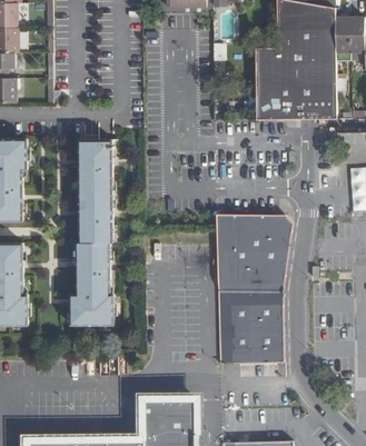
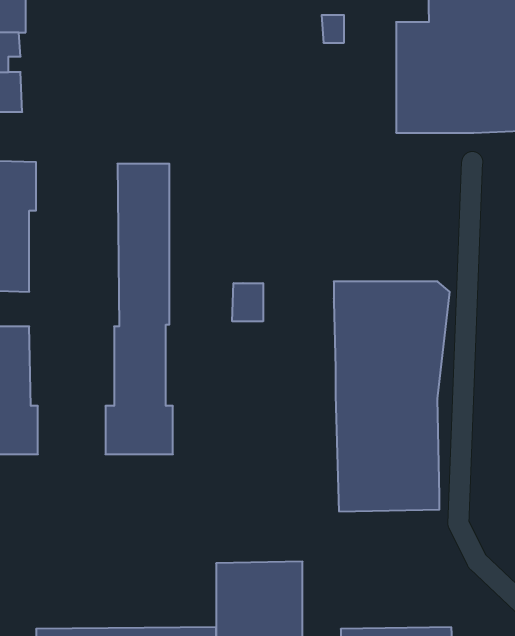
building: none -> [232,283,263,321]

